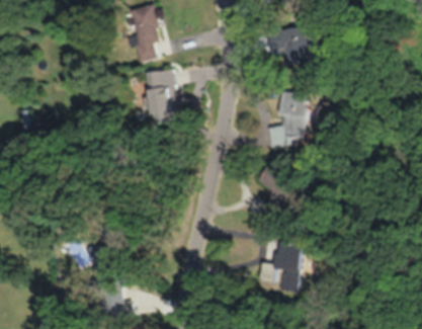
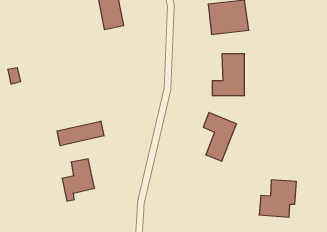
building: [144,69,177,125] -> none
building: none -> [57,121,104,146]
building: [259,243,306,290] -> [259,180,296,217]

